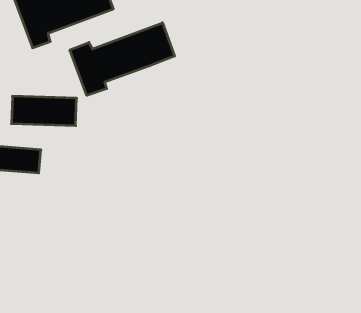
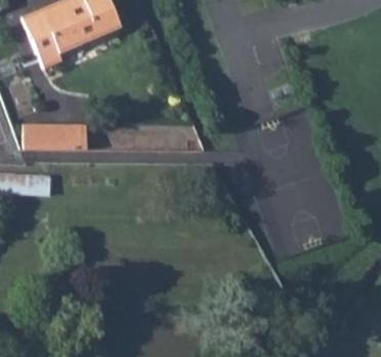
building: [70,23,175,95] -> none

